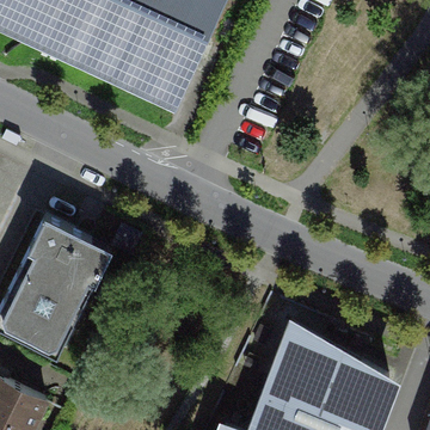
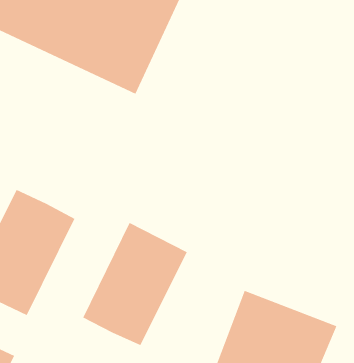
building: none -> [82,222,188,346]

